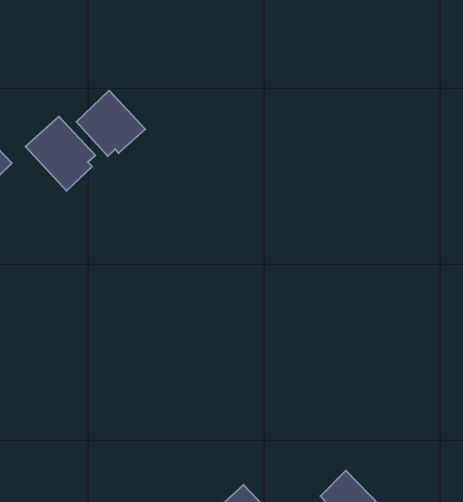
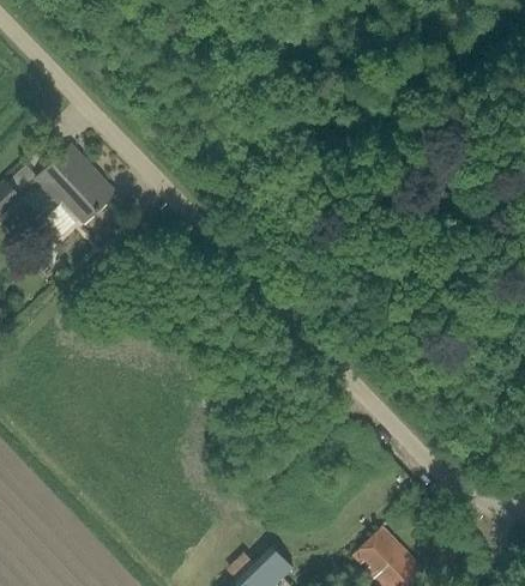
building: [76,91,145,156] -> none

